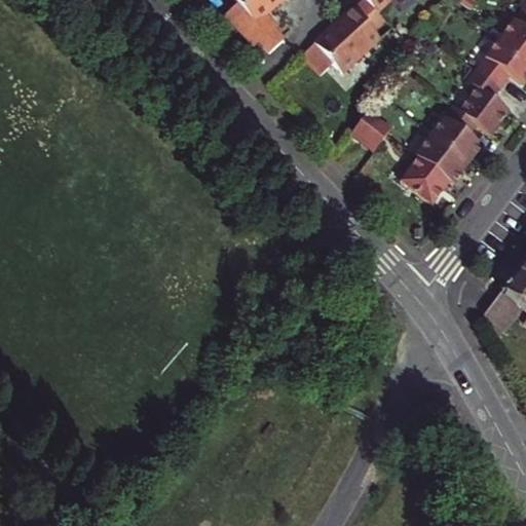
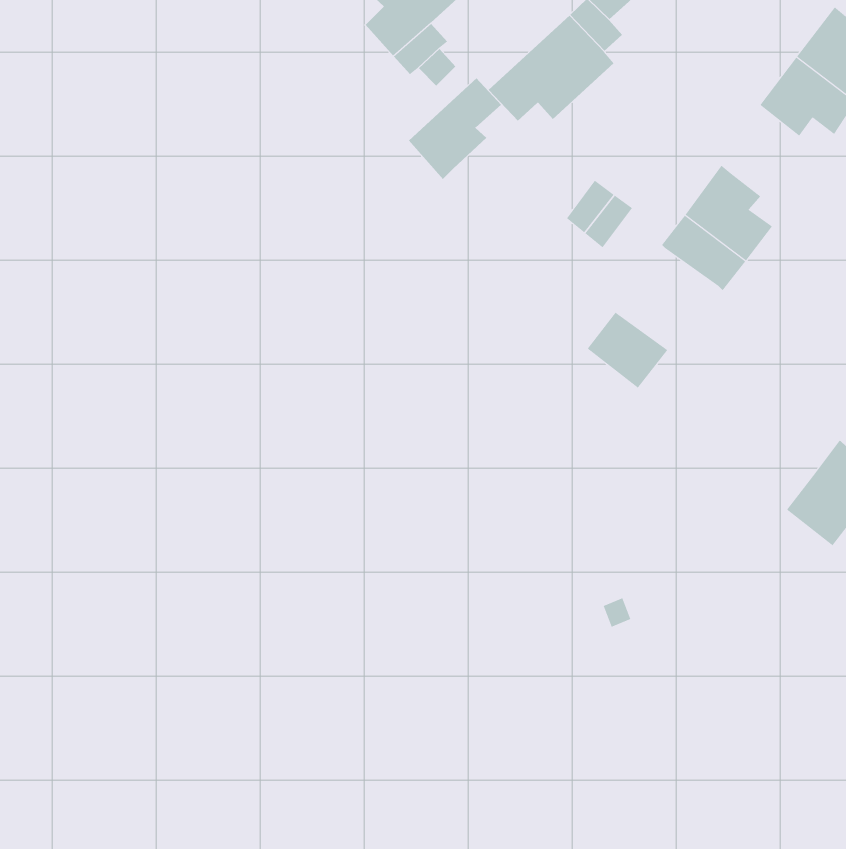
building: none -> [408,78,502,180]
building: [454,65,504,132] -> none
building: [396,153,446,200] -> [587,312,668,388]

